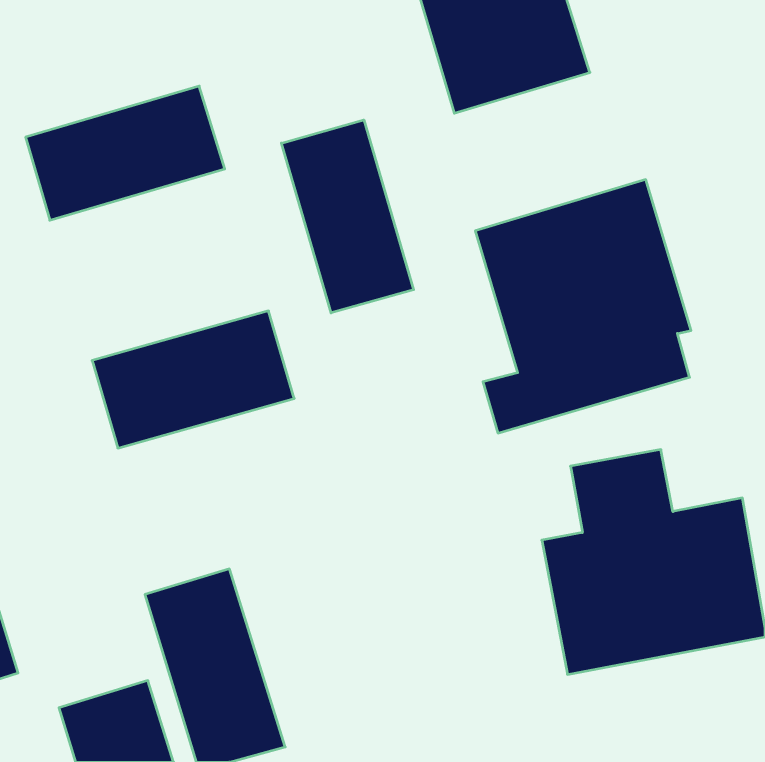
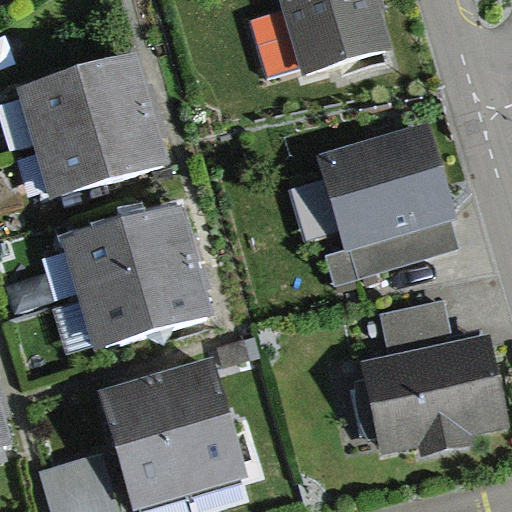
building: [281,120,414,313] -> none
building: none -> [33,112,166,201]
building: none -> [78,264,210,352]
building: none -> [152,359,245,495]

